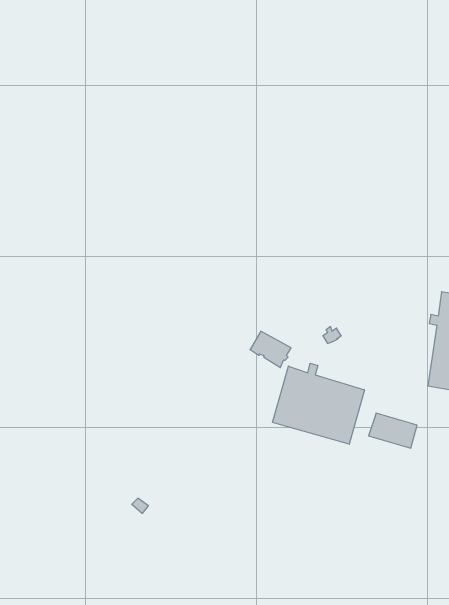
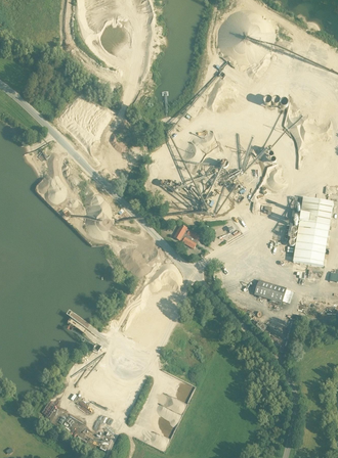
building: [273,363,364,444] -> none

